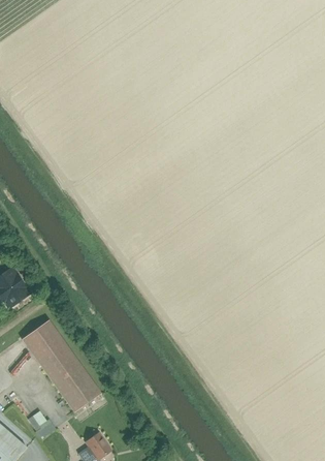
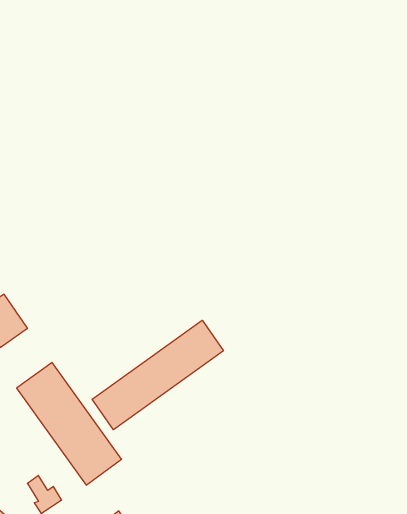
building: none -> [92,320,223,430]

